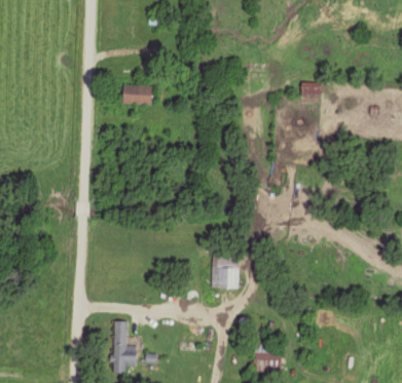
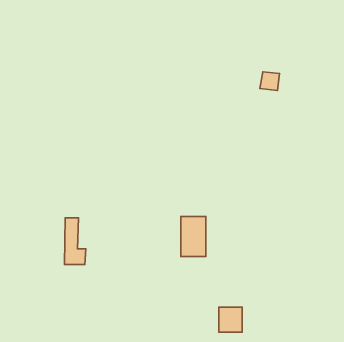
building: [123,85,152,103] -> none
building: [112,320,136,372] -> [64,218,86,265]

